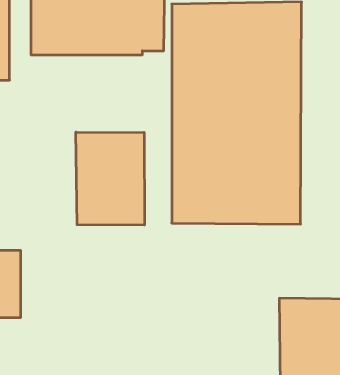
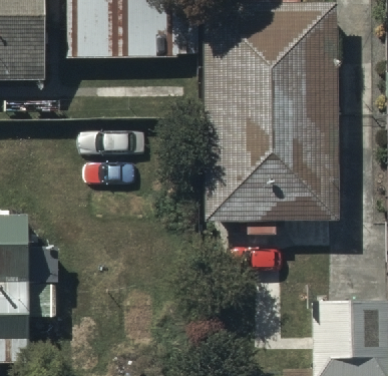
building: [76,132,144,225] -> none

